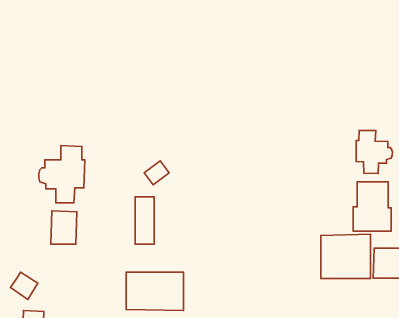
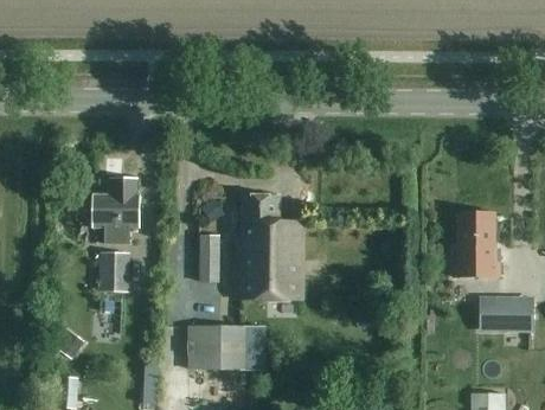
building: [356,130,392,174] -> none
building: none -> [238,194,303,300]
building: [321,234,371,279] -> none

